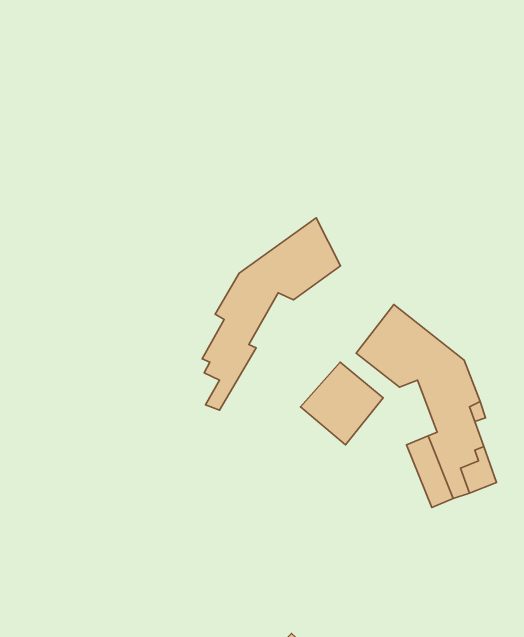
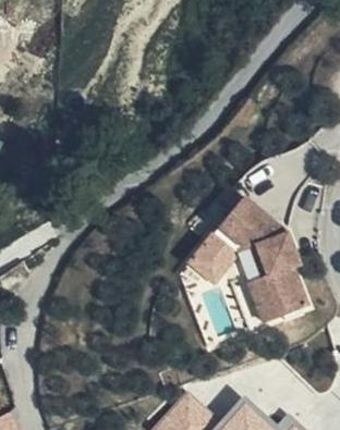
building: [202,218,341,410] -> none

